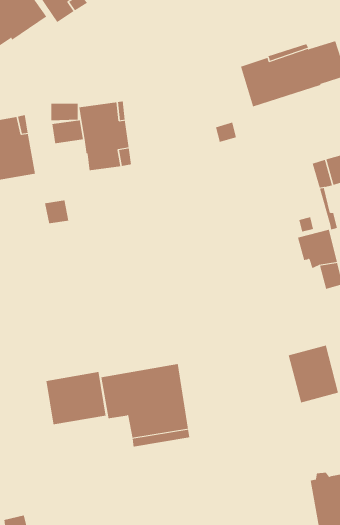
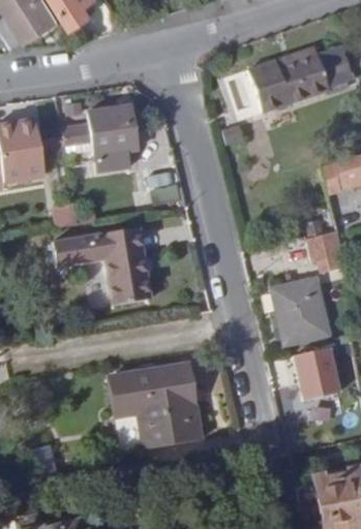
building: none -> [53,226,151,305]
building: none -> [271,278,328,343]
building: [46,371,106,425] -> none

